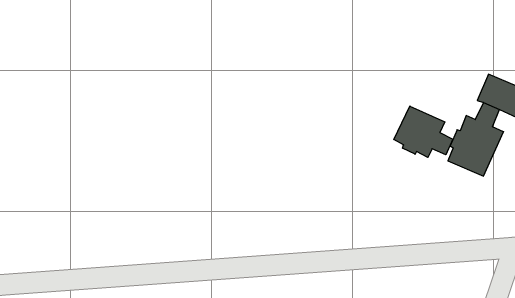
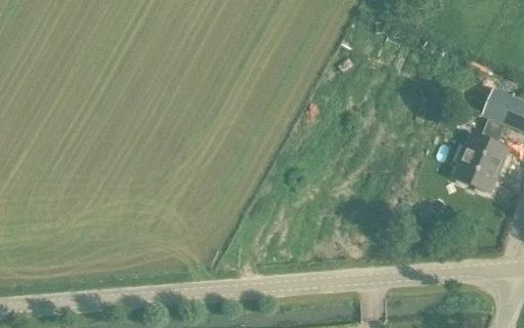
building: [394,106,453,157] -> none

